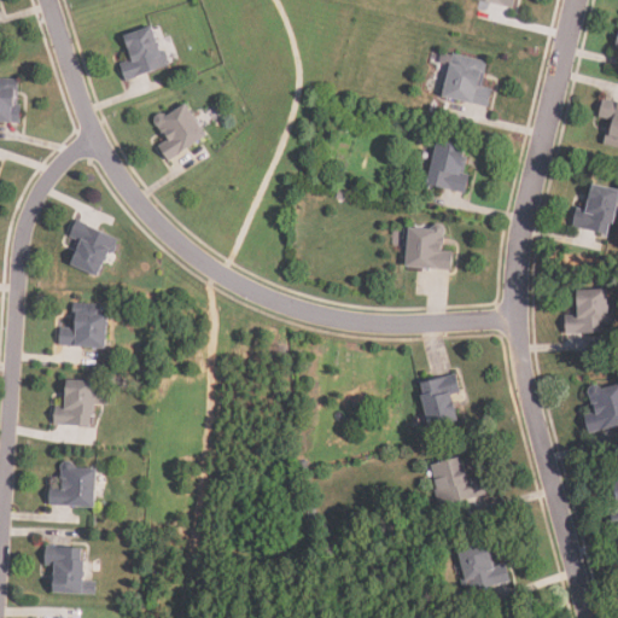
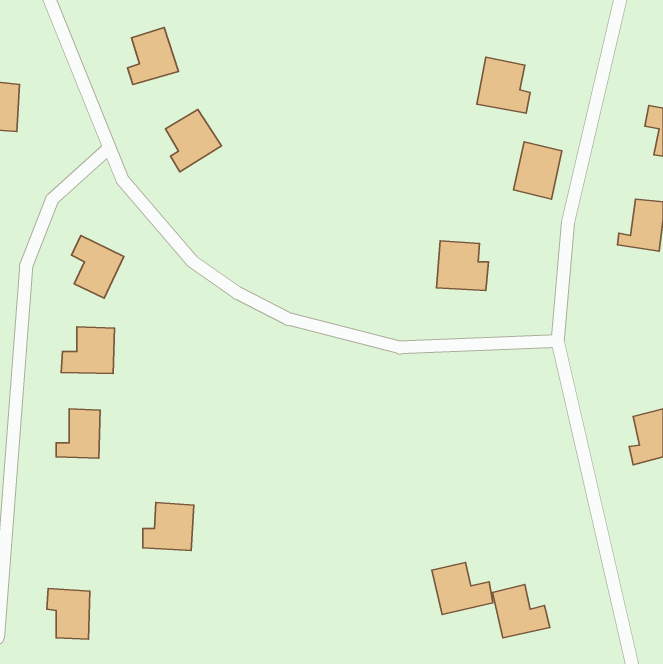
building: [426,139,471,192] -> [514,142,562,199]
building: [564,288,606,350] -> none
building: [418,374,459,426] -> none
building: [428,456,485,505] -> [432,562,493,614]
building: [48,461,95,506] -> [143,502,194,551]

